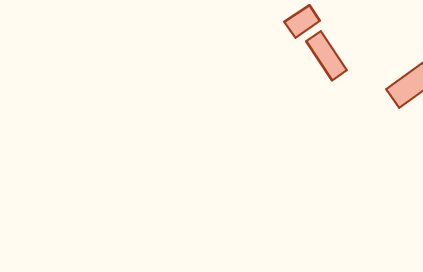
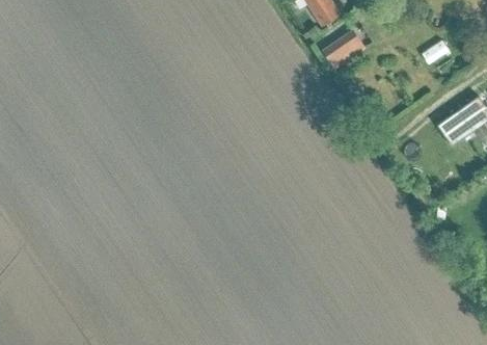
building: [306,31,347,80] -> none

